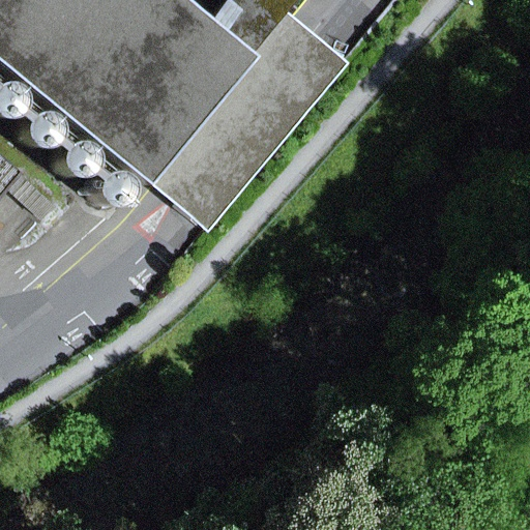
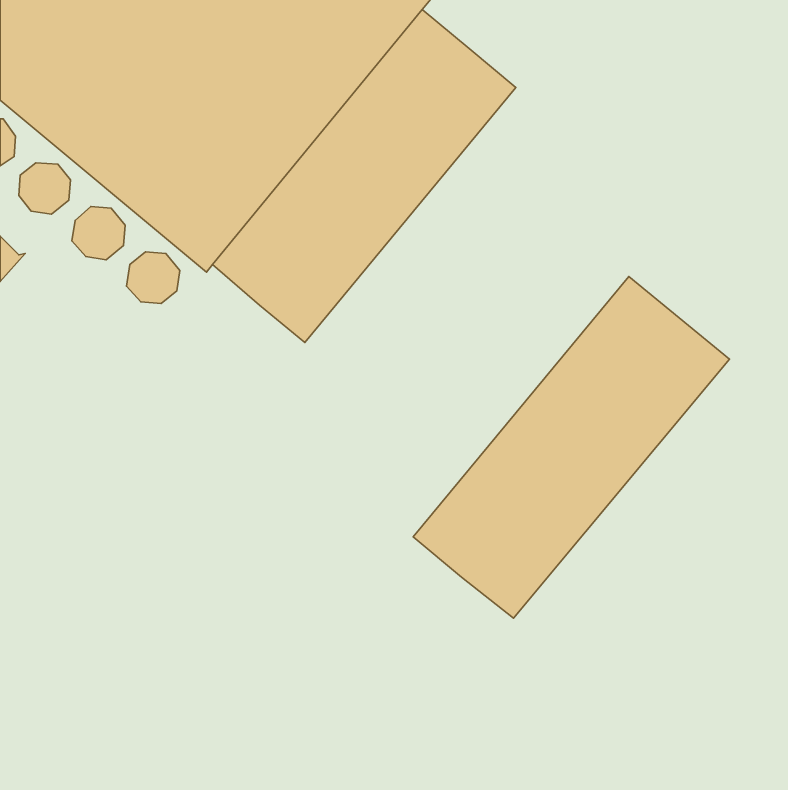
building: none -> [413,276,729,618]

